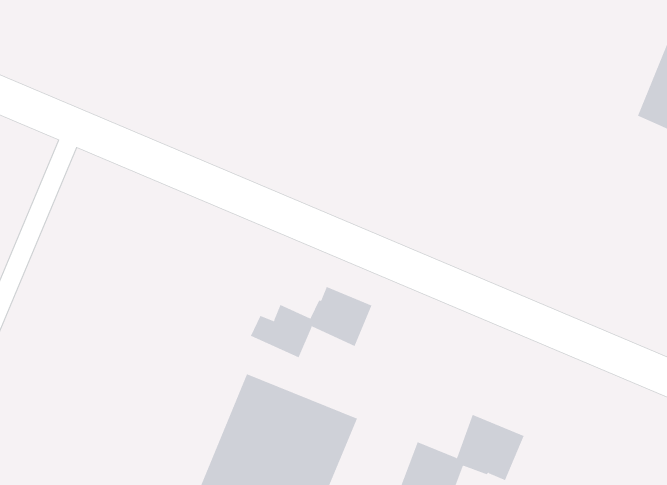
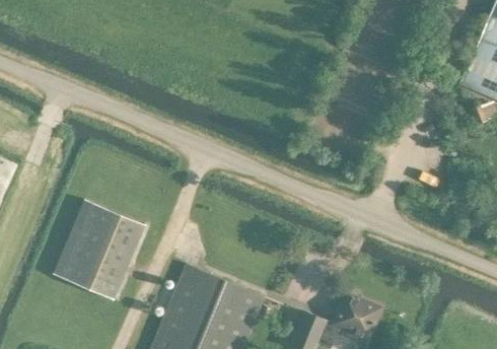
building: none -> [53,201,146,300]
building: [250,286,372,358] -> none

